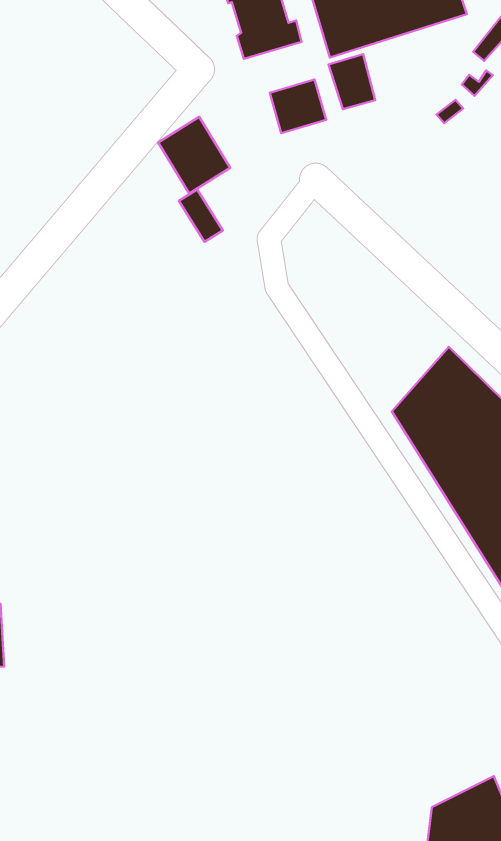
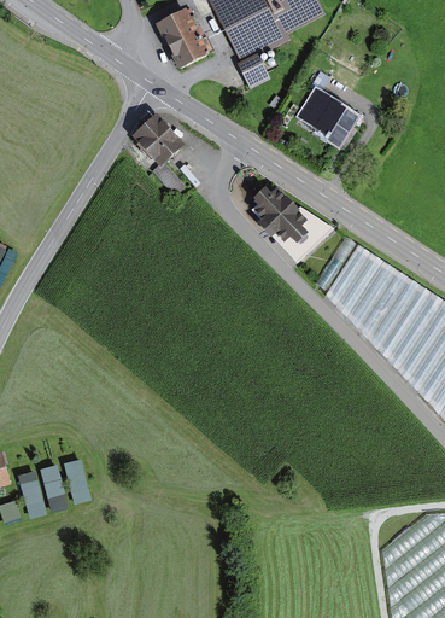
building: [270,80,326,133] -> none
building: none -> [298,92,353,147]
building: none -> [251,185,306,245]

